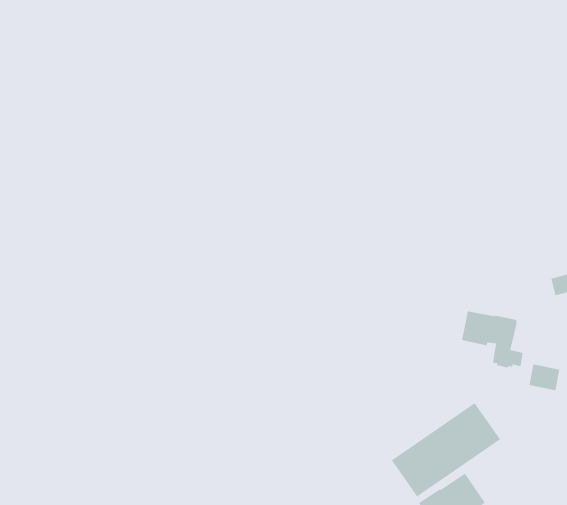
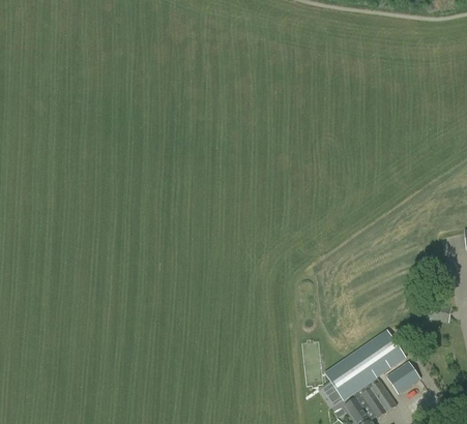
building: [461,311,523,368] -> none
building: none -> [385,361,420,395]

